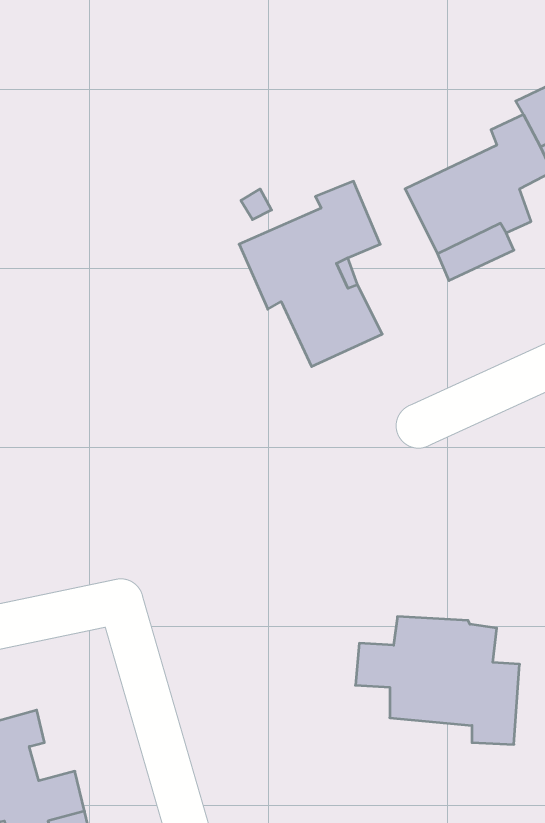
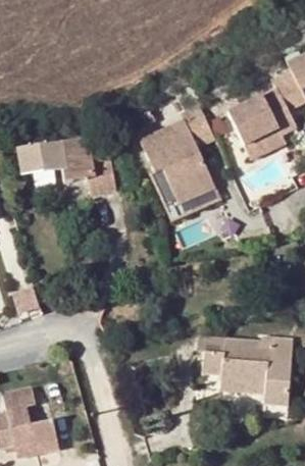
building: none -> [17,136,118,197]

